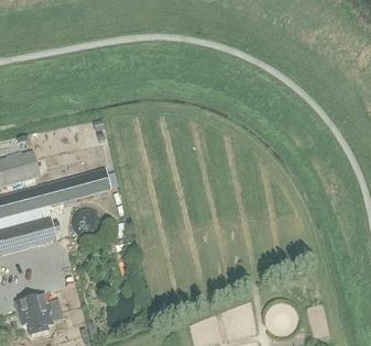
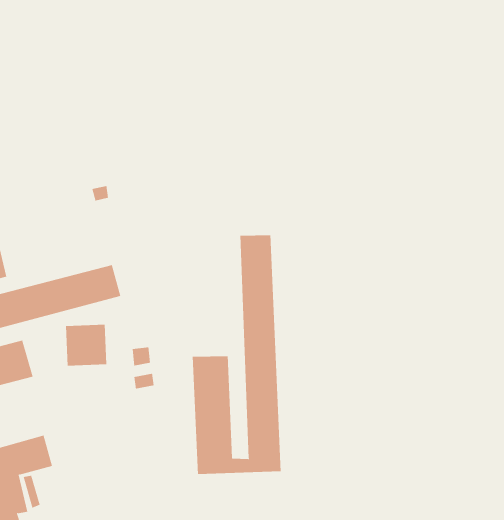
building: none -> [192,234,281,475]

